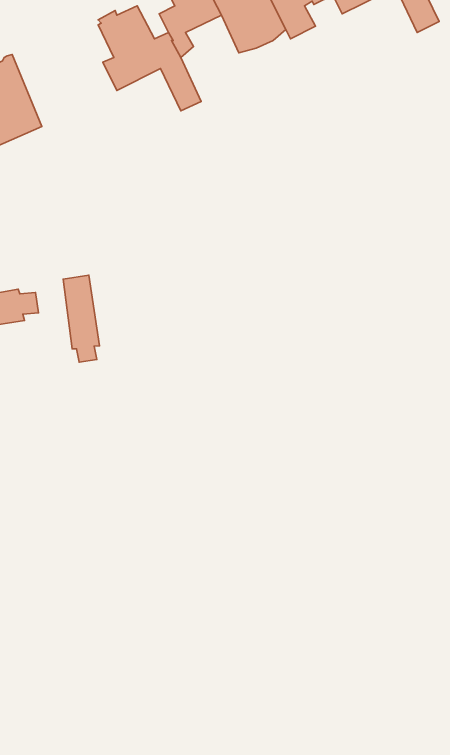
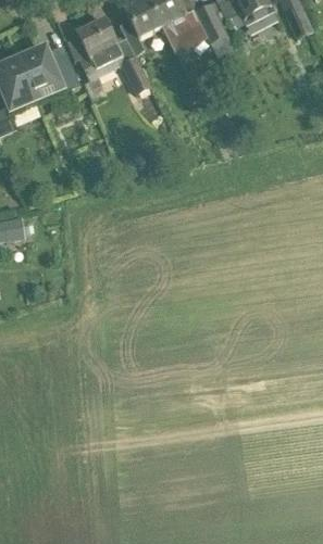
building: none -> [16,47,79,102]
building: [63,275,100,362] -> none

